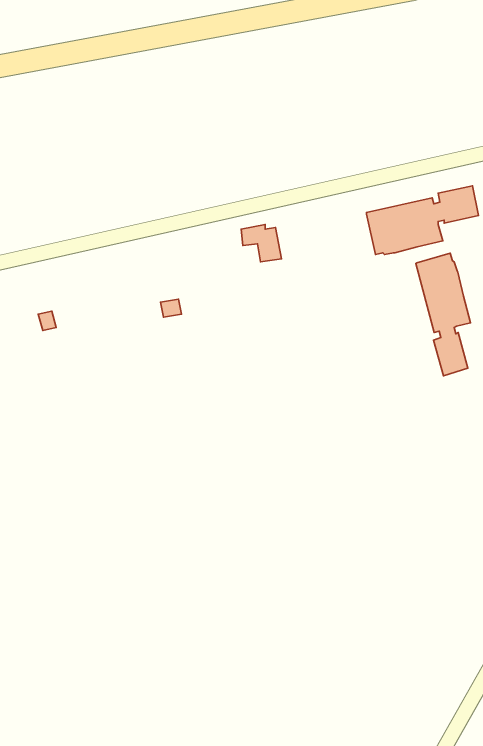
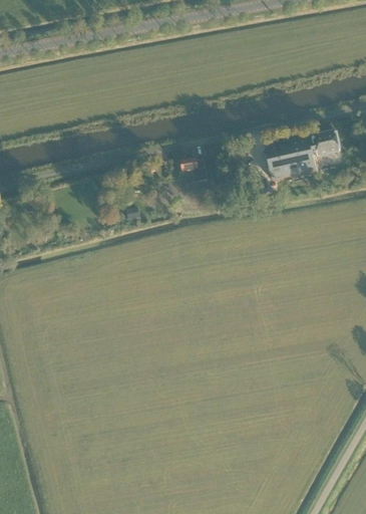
building: [416,253,470,376] -> none

